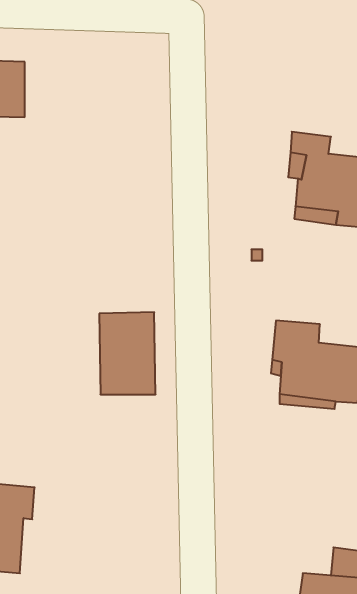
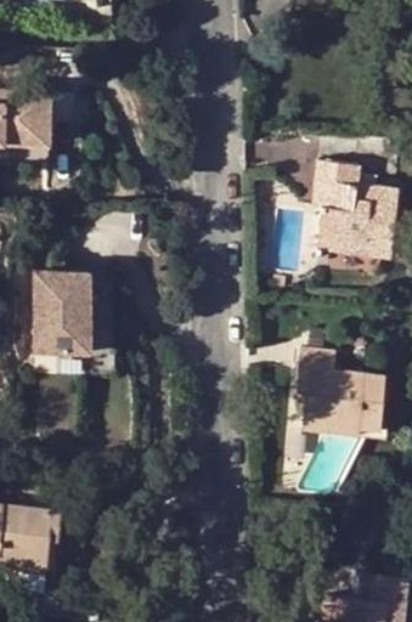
building: [99,312,156,394] -> [36,272,92,354]

